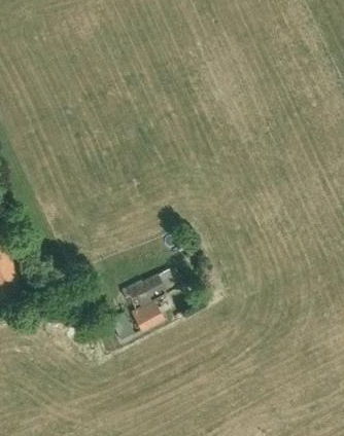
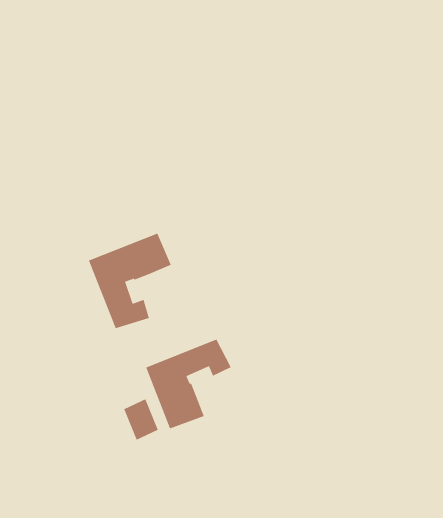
building: none -> [88,233,172,329]

